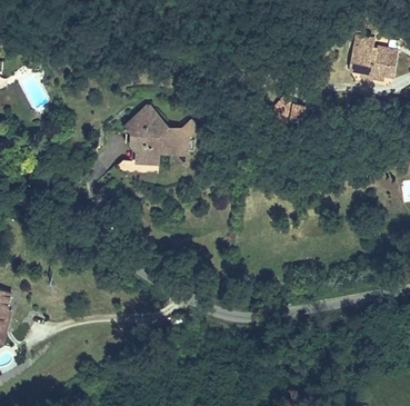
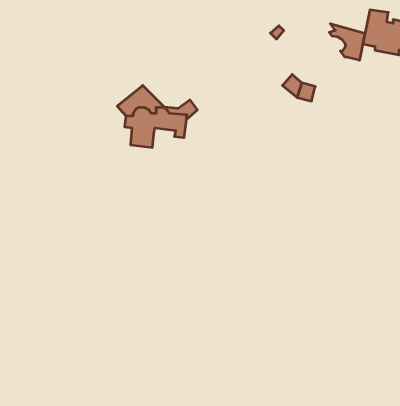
building: none -> [329,24,365,60]

